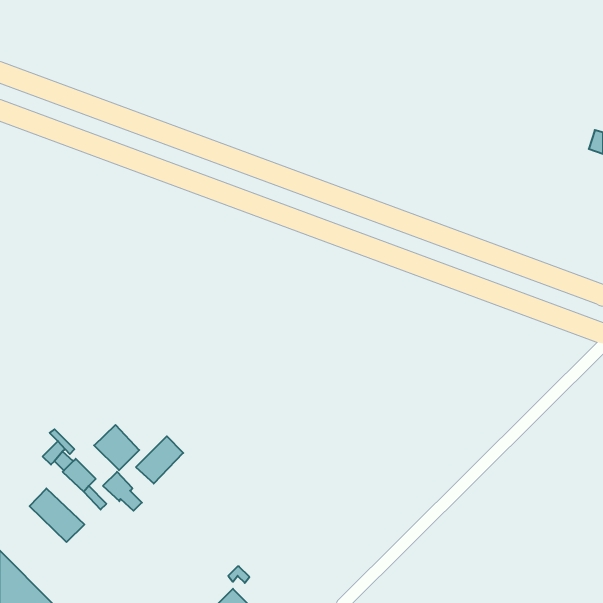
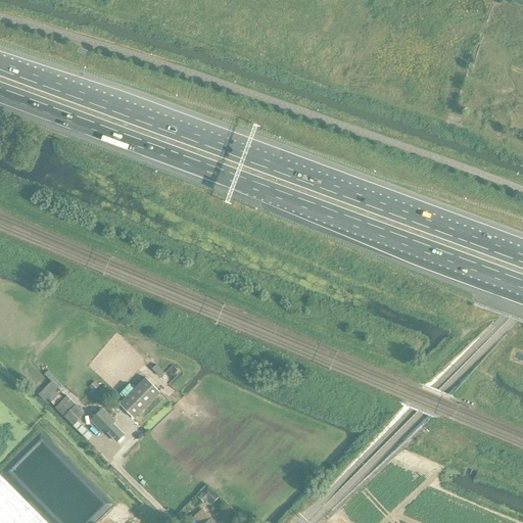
building: [94,425,139,470] -> none
building: [30,488,84,542] -> none

